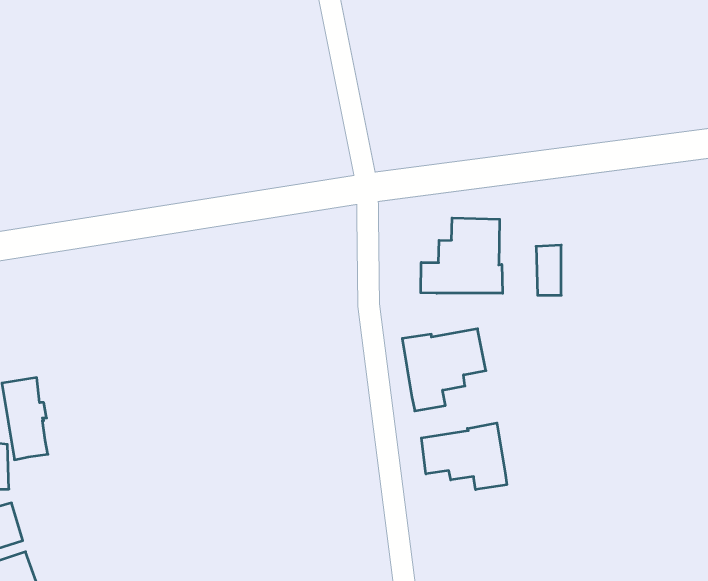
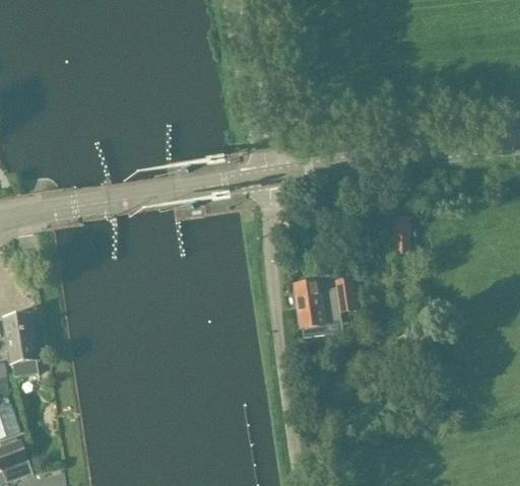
building: [421,218,503,293] -> none
building: [421,423,507,490] -> none

